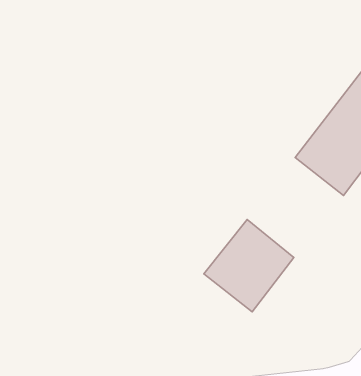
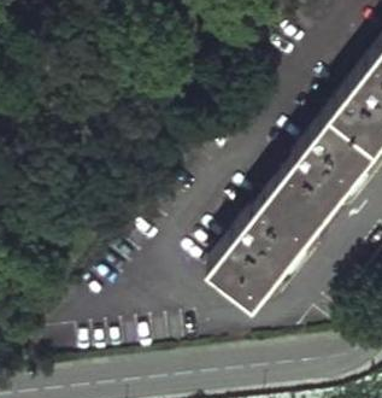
building: none -> [248,162,340,257]

